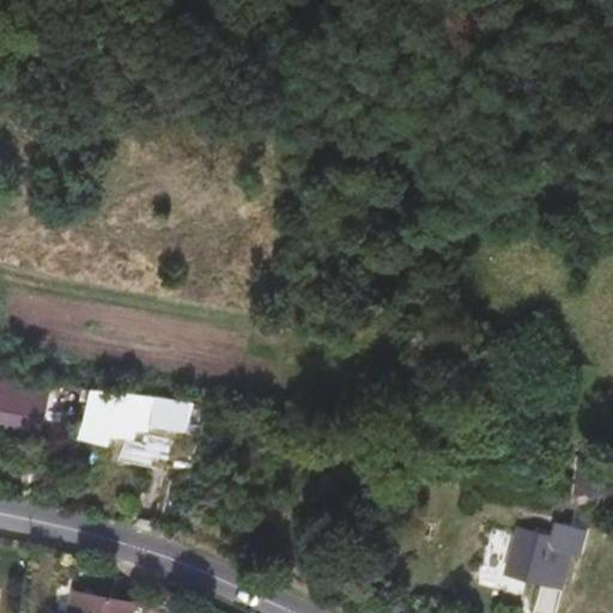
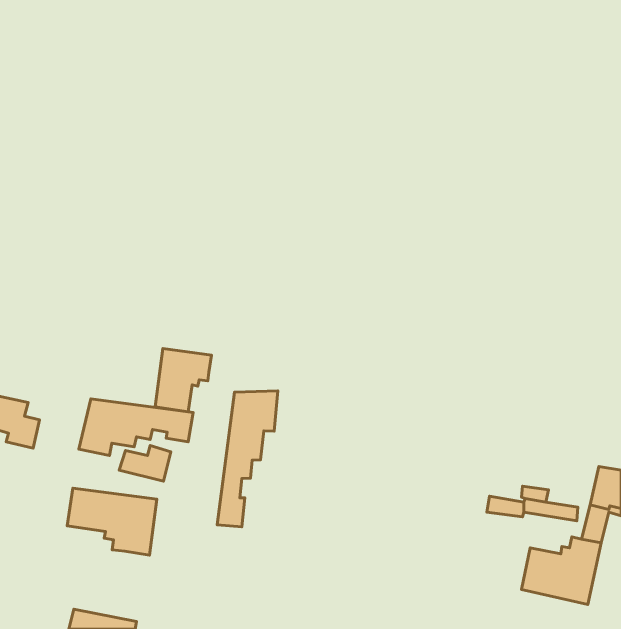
building: none -> [155,349,212,412]
building: none -> [217,391,278,527]
building: none -> [67,488,157,555]

